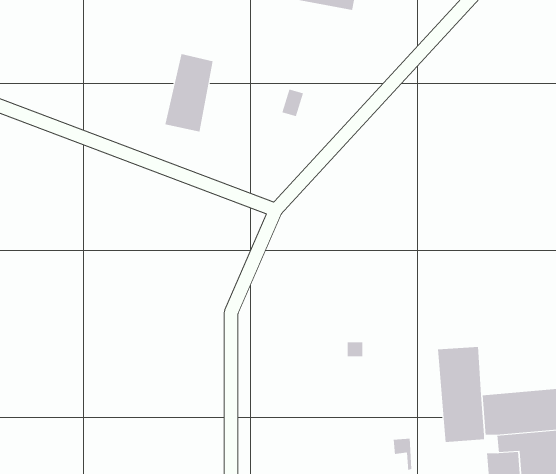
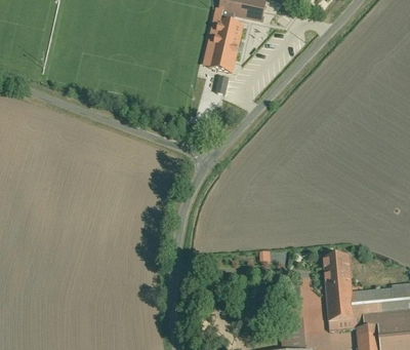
building: [164,54,213,132] -> [209,17,243,72]

